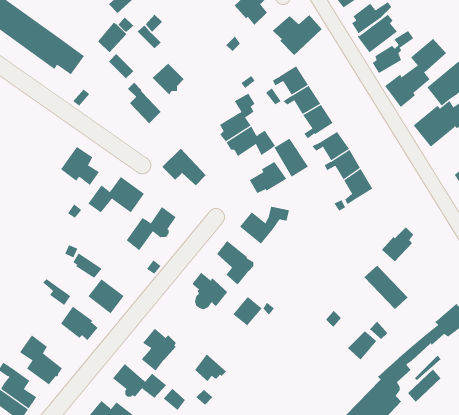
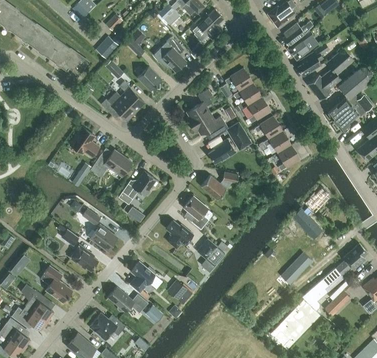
building: [272,14,322,56] -> none
building: none -> [161,36,185,71]
building: [162,148,207,186] -> [102,91,135,119]

